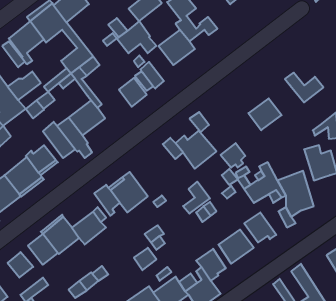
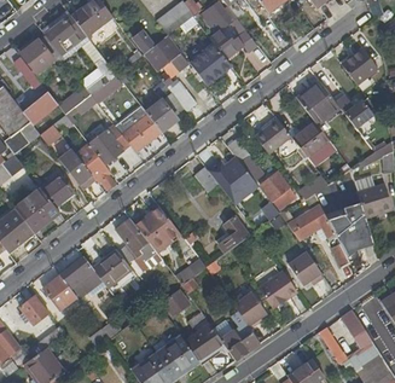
building: none -> [341,46,378,82]
building: none -> [298,82,339,123]
building: none -> [122,112,162,150]
building: none -> [255,117,291,152]

